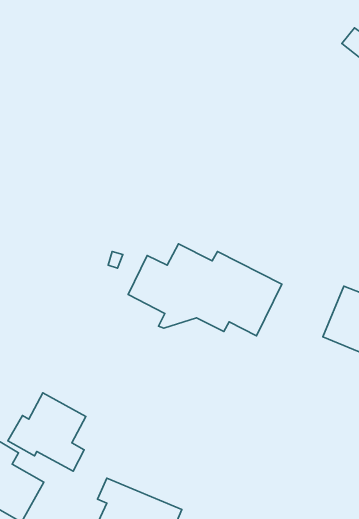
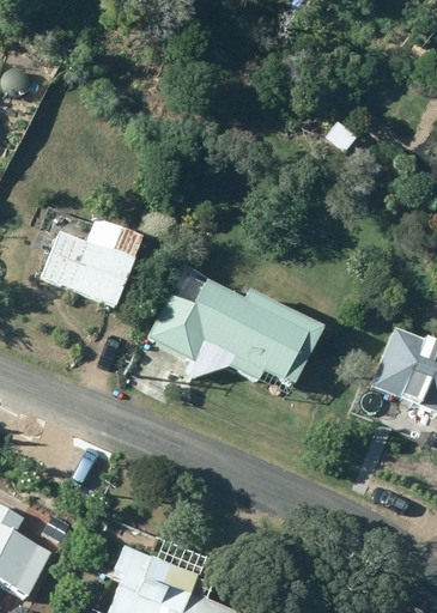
building: none -> [42,227,141,306]
building: [8,393,86,471] -> none

